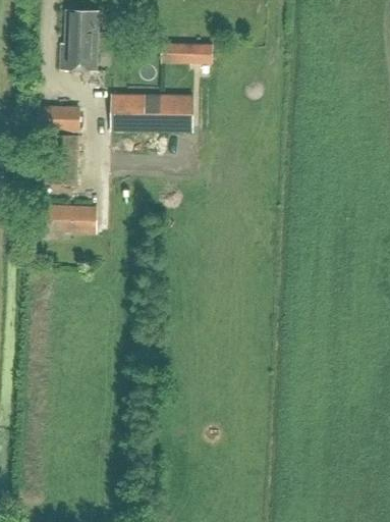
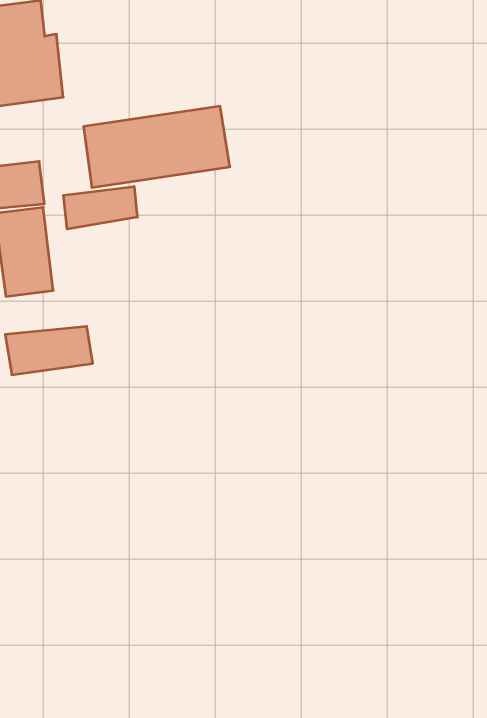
building: [162,44,212,62] -> none
building: none -> [64,186,137,229]

